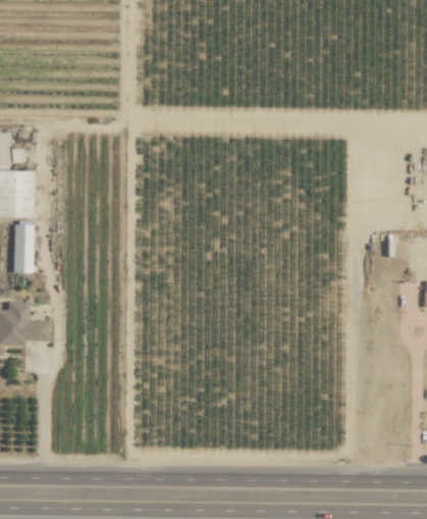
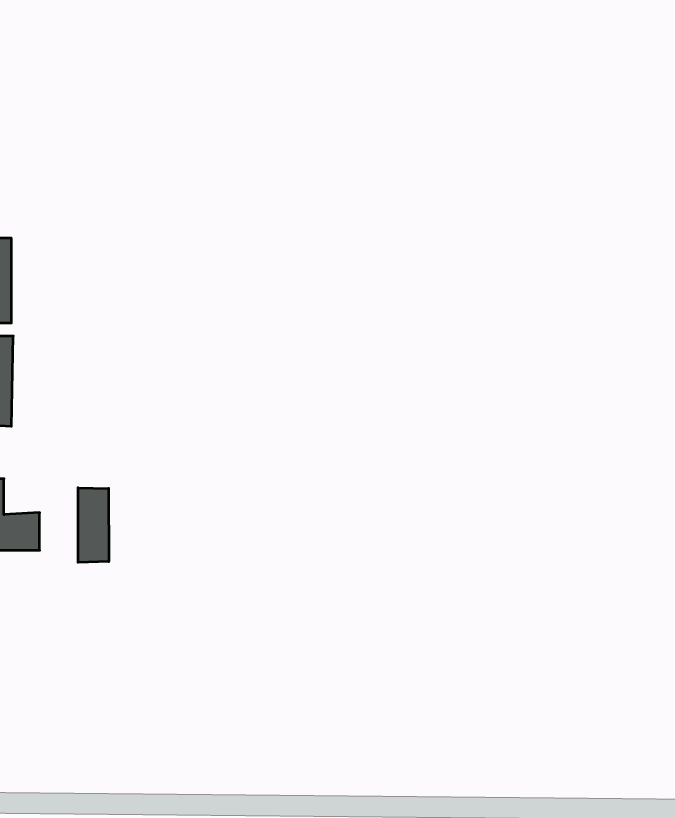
building: none -> [78,488,109,562]

